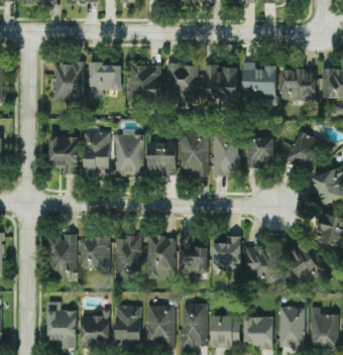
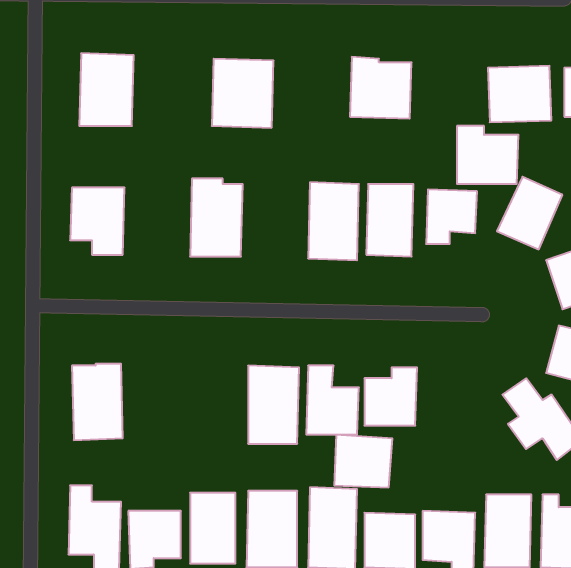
building: [243,62,277,94] -> [457,126,519,184]
building: [89,63,121,94] -> none
building: [166,64,198,98] -> none
building: [84,131,110,173] -> none
building: [147,141,177,173] -> none
building: [81,236,110,267] -> none
building: [114,236,142,274] -> none
building: [244,247,276,276] -> [334,435,392,487]

